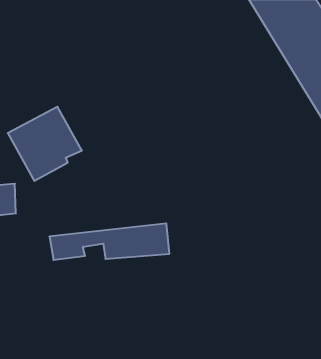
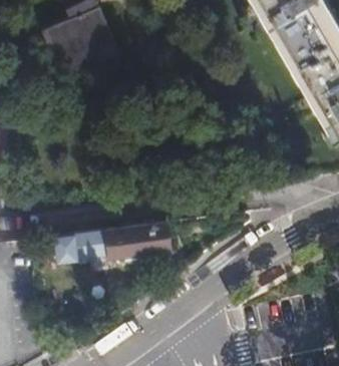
building: [8,107,82,181] -> [42,8,115,81]

